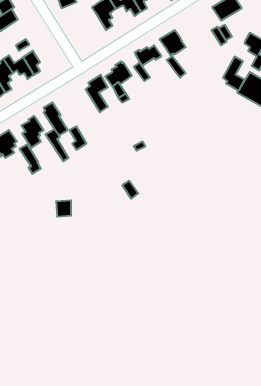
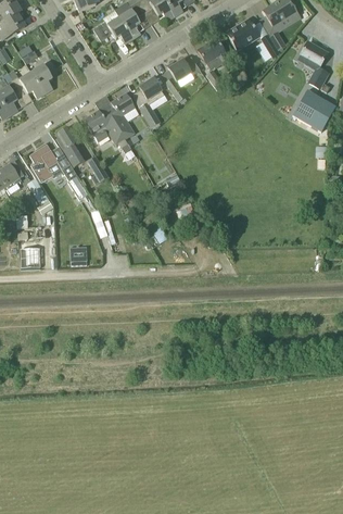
building: none -> [93,16,132,42]
building: none -> [226,18,259,50]
building: [223,56,244,91] -> none
building: none -> [84,109,131,152]

